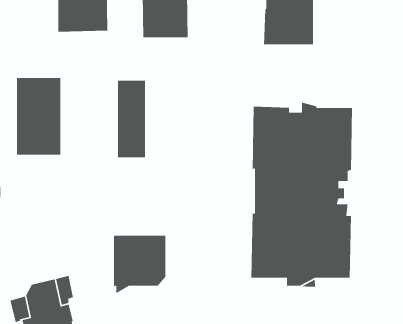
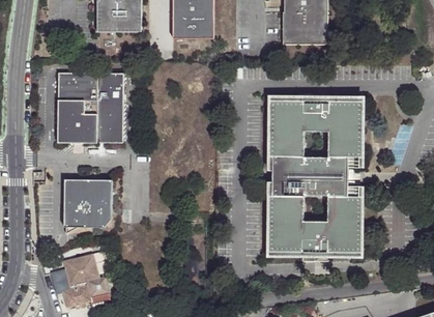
building: [117,80,146,158] -> [98,73,124,143]
building: [113,235,166,295] -> [68,179,116,233]

